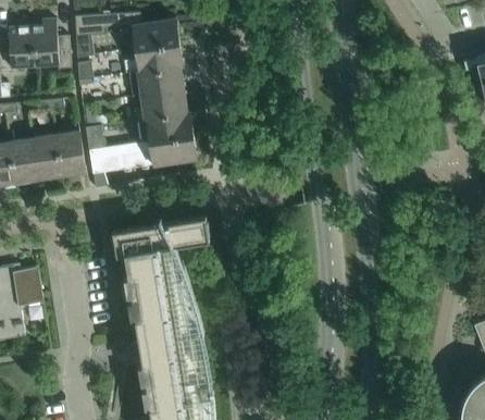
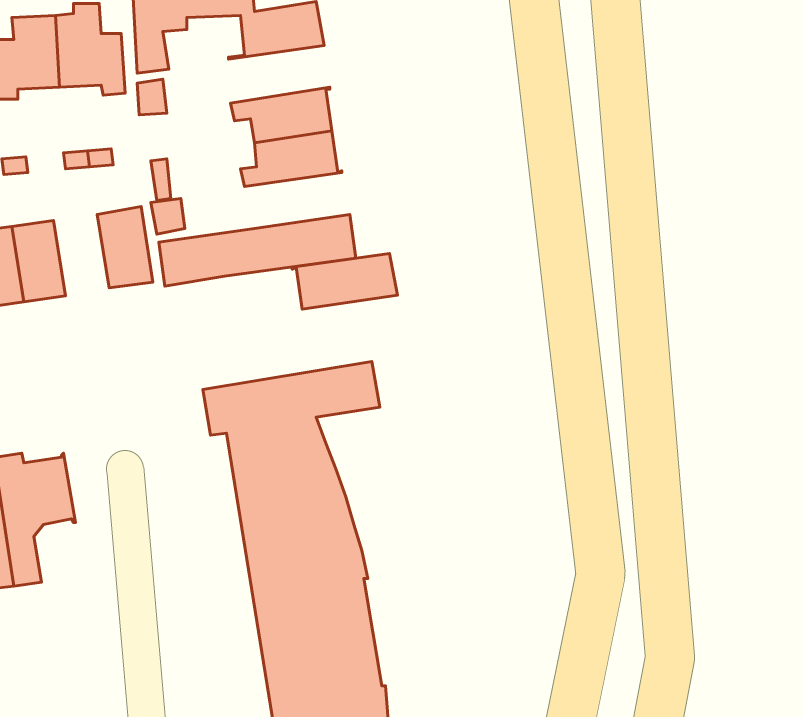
building: [124,44,183,75] -> none
building: [136,113,194,144] -> [292,253,398,309]
building: [32,136,62,181] -> none

